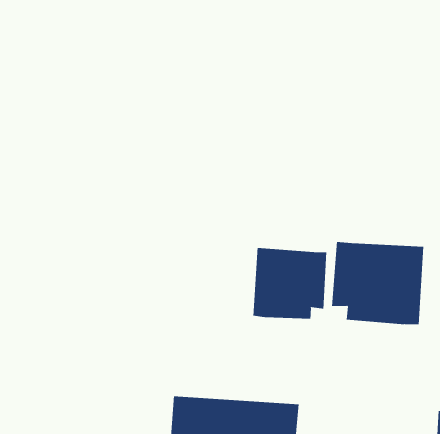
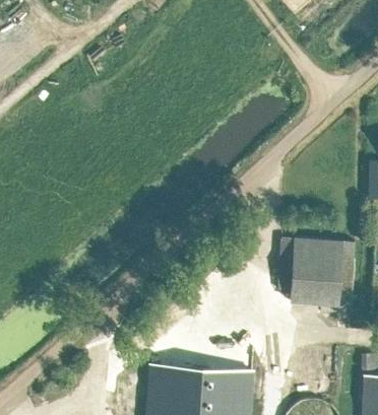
building: [253,247,327,320] -> none

